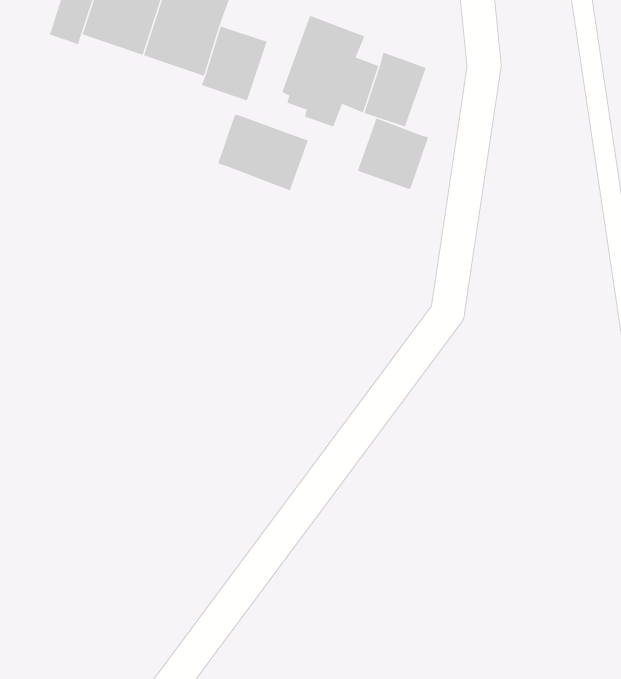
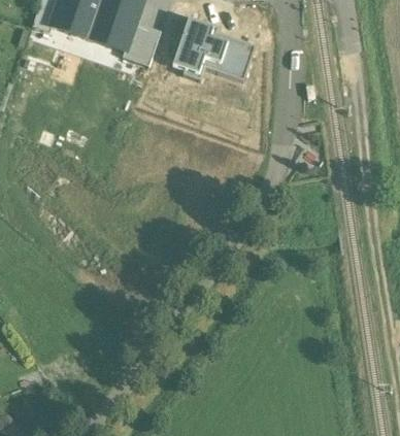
building: [217,114,309,191] -> none
building: [357,117,429,190] -> none

